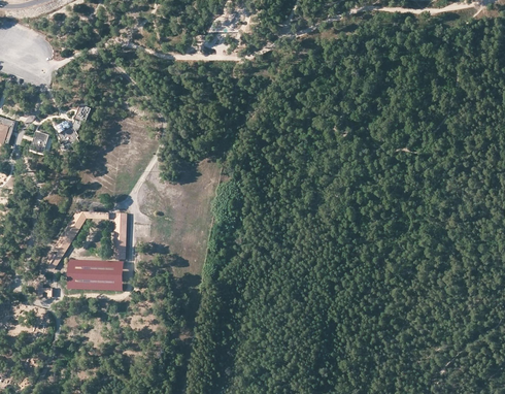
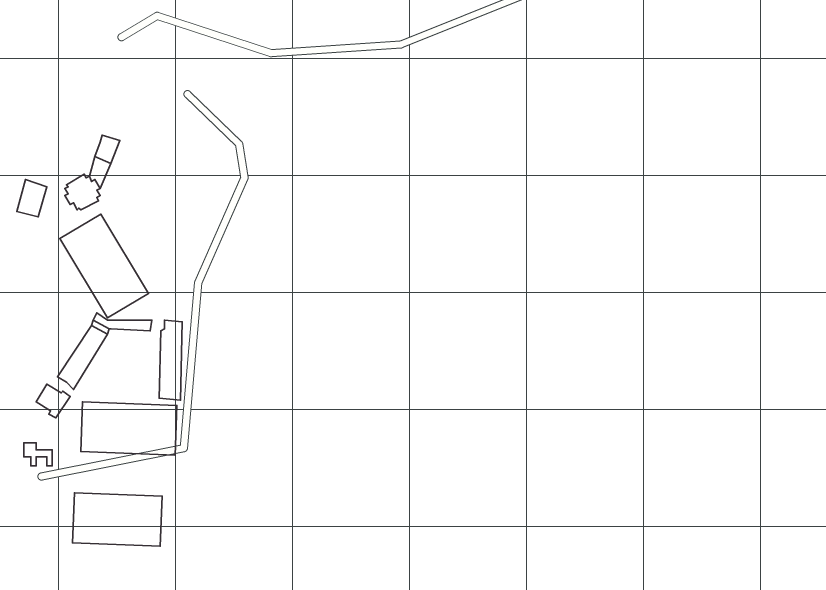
building: none -> [60,214,149,318]
building: none -> [72,493,162,546]

